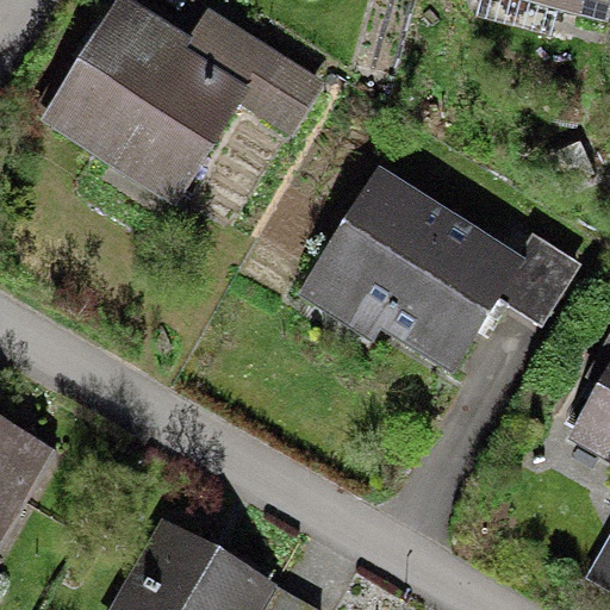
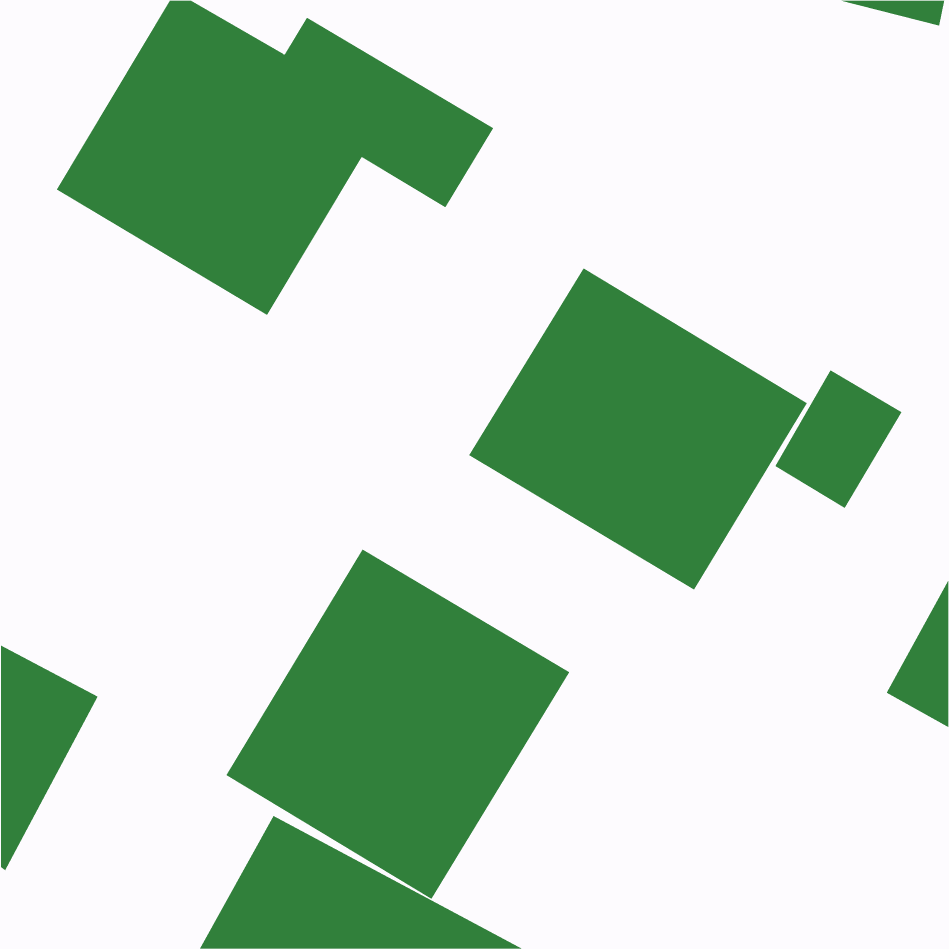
building: none -> [225,549,570,900]

